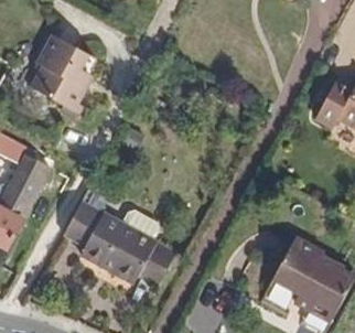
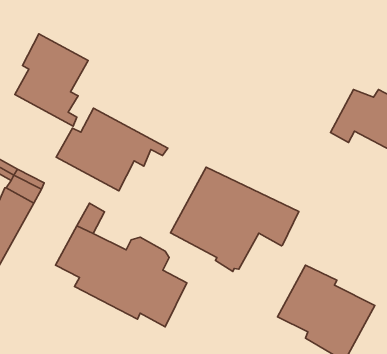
building: none -> [56,108,168,191]
building: none -> [170,167,299,271]

